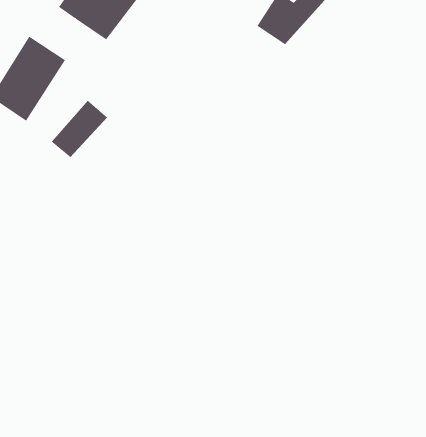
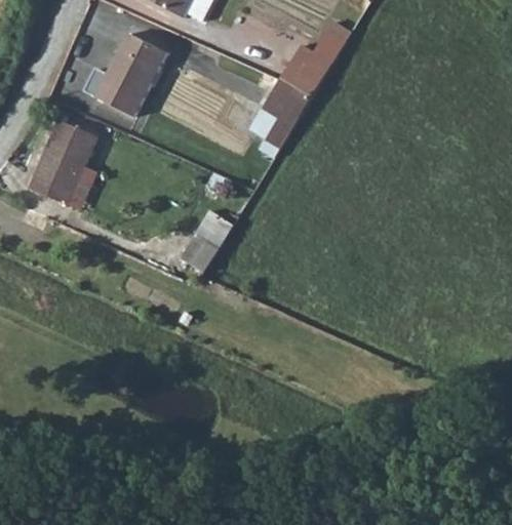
building: none -> [267,78,311,146]
building: [51,100,108,158] -> [181,210,233,270]

